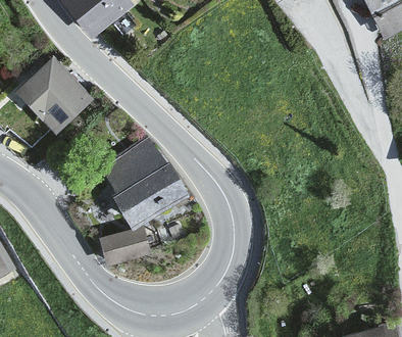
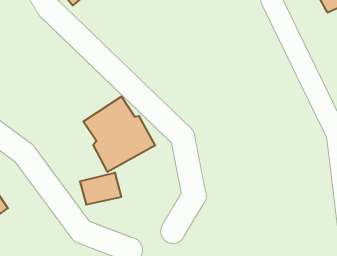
building: [19,55,90,127] -> none

